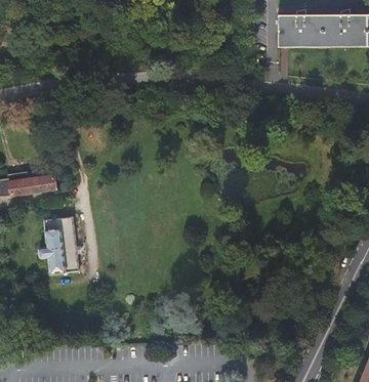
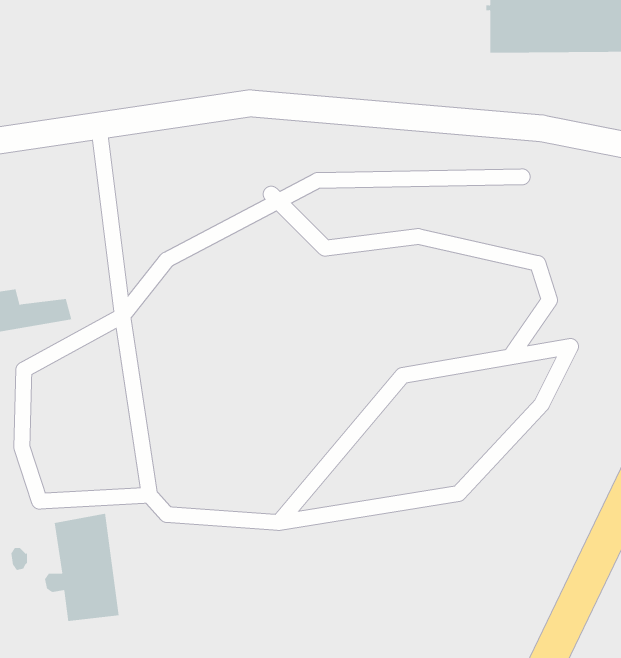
building: [38,216,78,273] -> [44,513,120,621]

